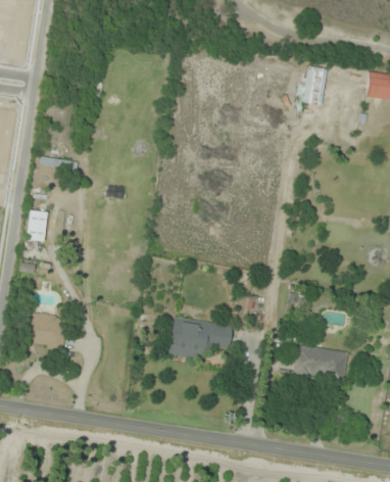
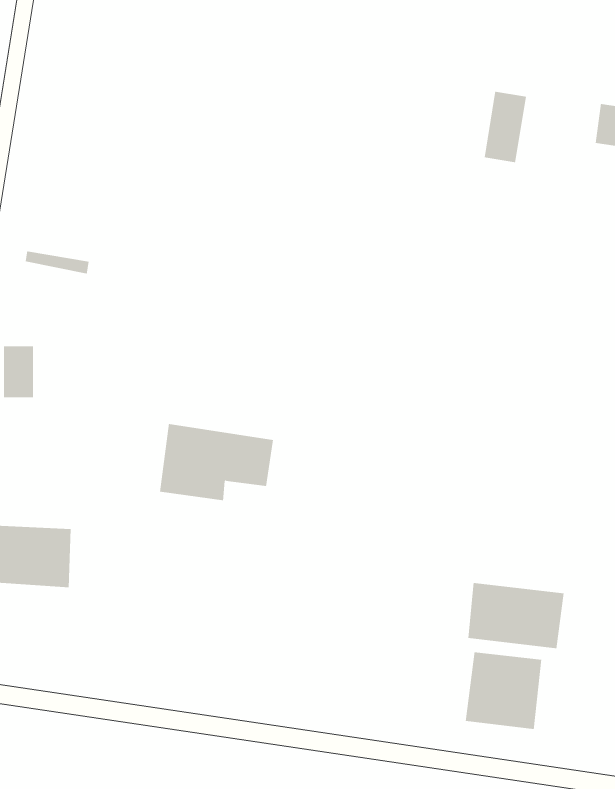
building: [167,316,233,359] -> [159,424,274,501]
building: none -> [465,652,542,730]

